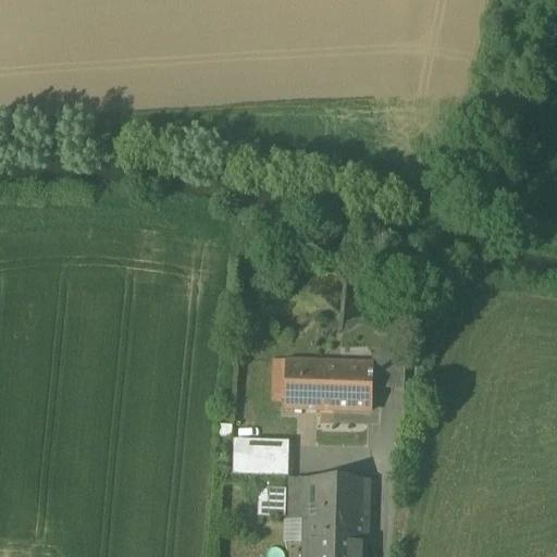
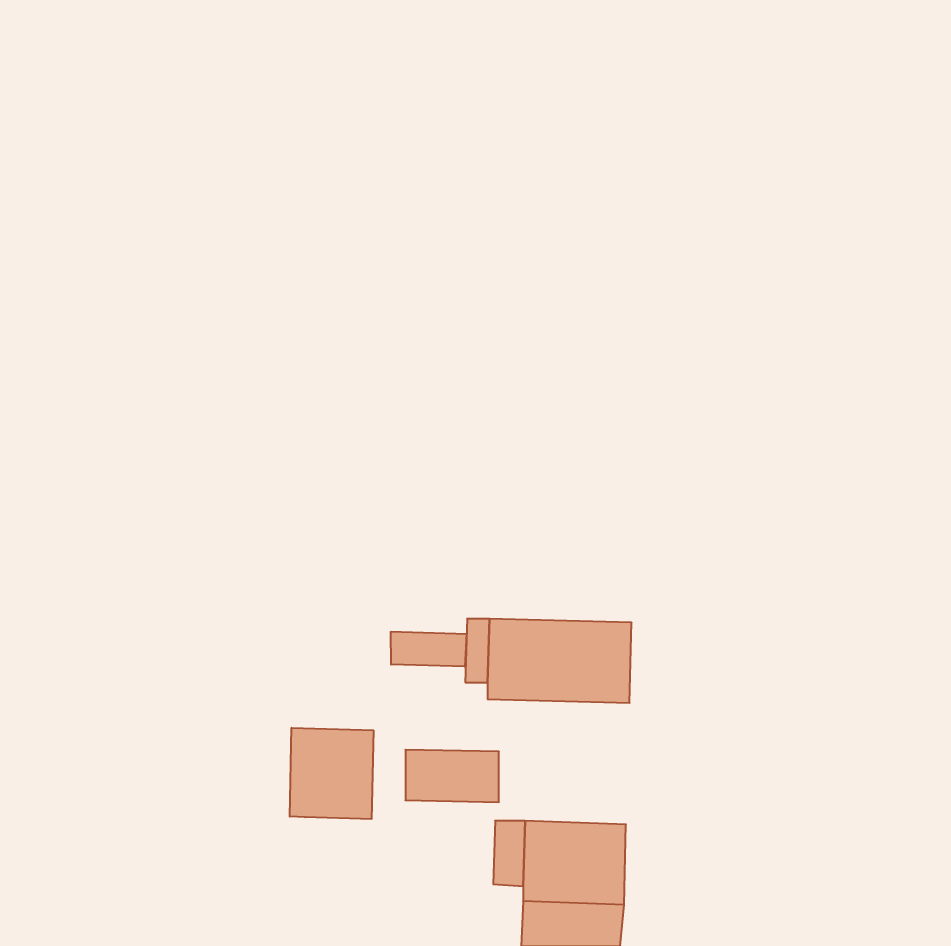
building: none -> [391,632,467,667]
building: none -> [290,728,373,819]

